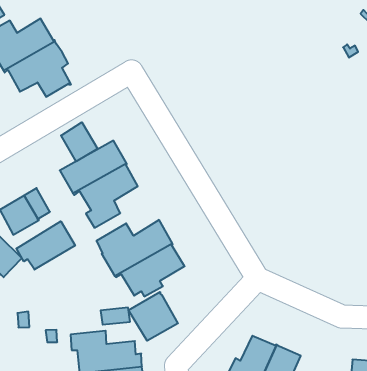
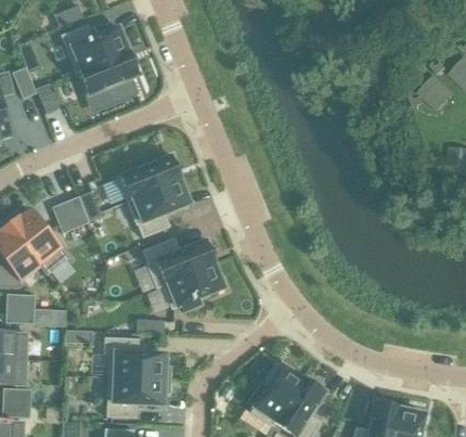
building: [61,122,98,161] -> none
building: [16,221,75,270] -> none
building: [128,292,178,341] -> none

